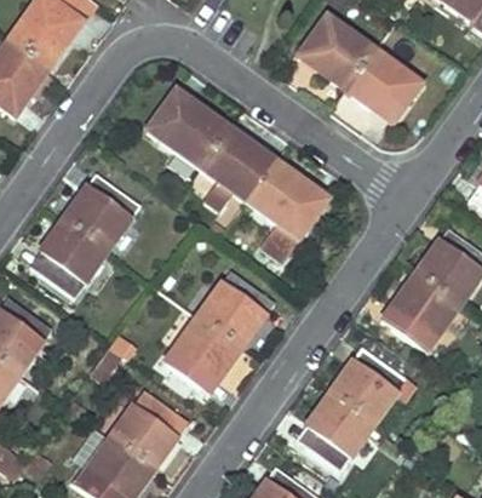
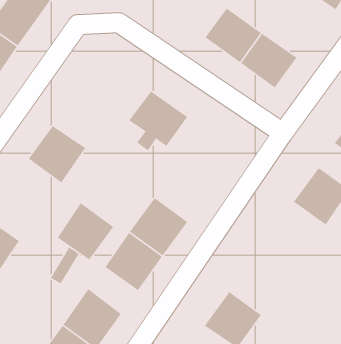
building: [147,88,226,166] -> none
building: [247,161,326,259] -> none
building: [31,217,108,294] -> [57,202,114,260]
building: [383,274,459,349] -> none
building: [331,348,406,424] -> none

